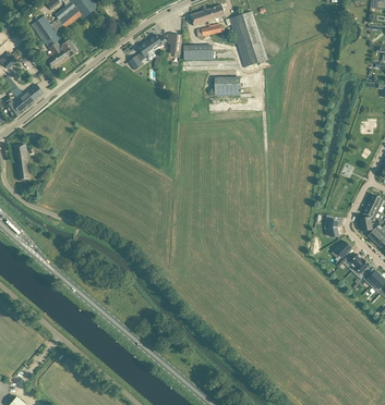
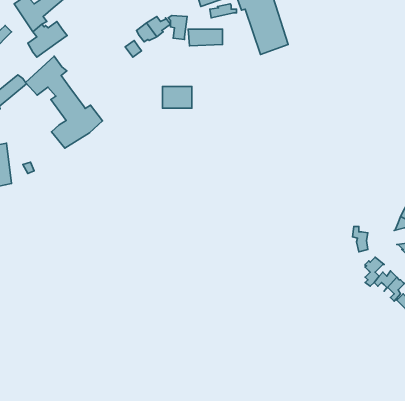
building: none -> [26,56,103,148]
building: [215,77,240,96] -> [163,87,192,108]

